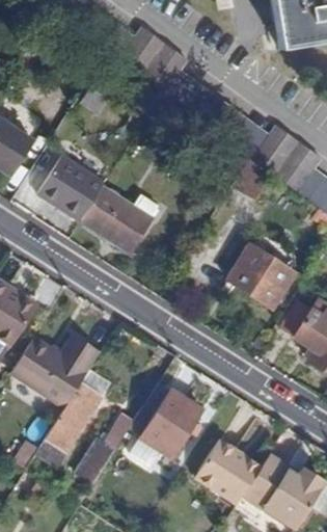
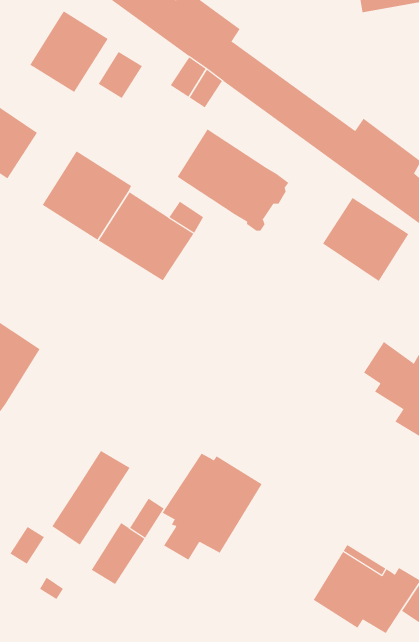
building: none -> [30,11,108,93]
building: none -> [177,129,289,232]
building: [228,243,295,308] -> [322,197,409,282]
building: [10,335,101,408] -> none
building: [194,438,260,503] -> none

